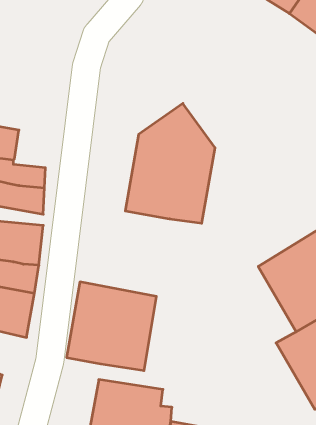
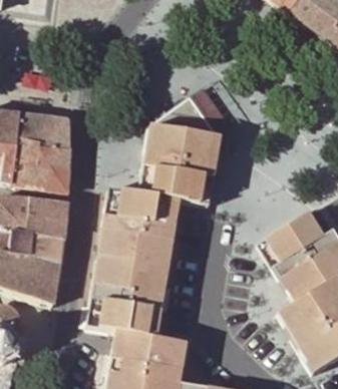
building: none -> [39,117,68,152]
building: none -> [99,186,181,269]
building: none -> [116,330,188,369]

